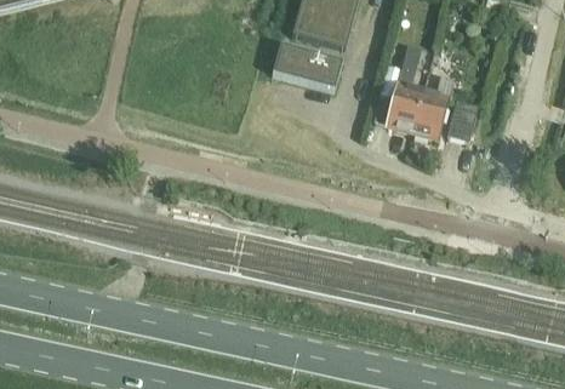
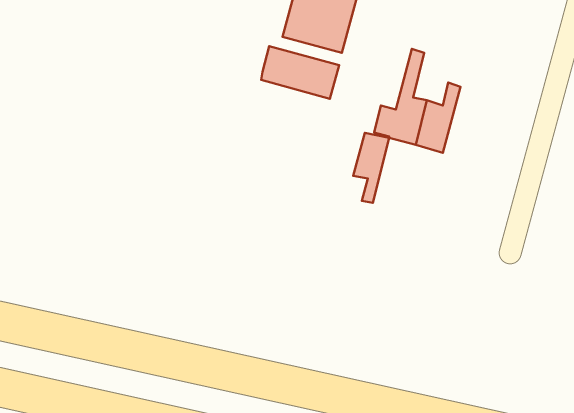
building: [447,99,478,141] -> none
building: none -> [353,133,389,203]

